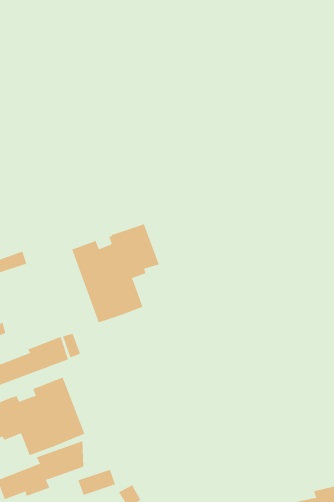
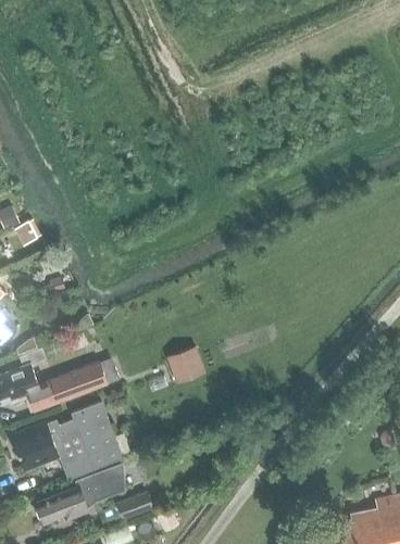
building: [72,224,159,323] -> none
building: none -> [166,346,204,383]

